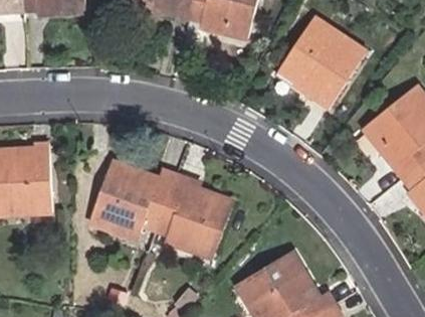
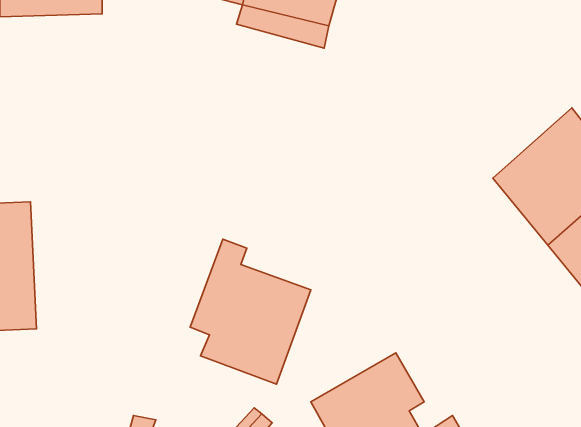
building: [276,13,364,113] -> none
building: [85,157,177,239] -> none

